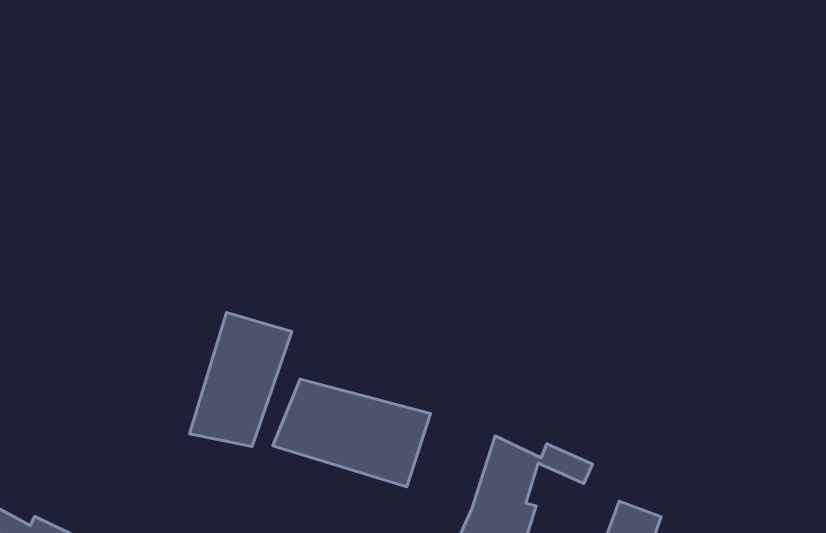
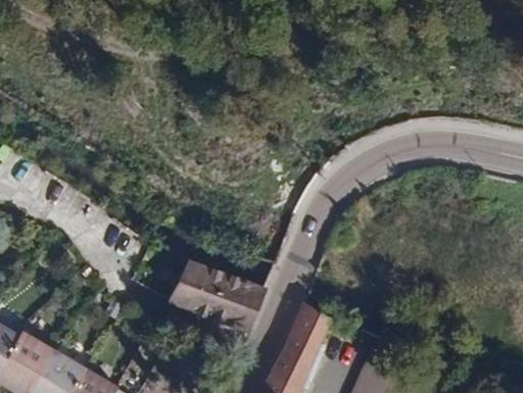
building: [189,312,292,447] -> none

